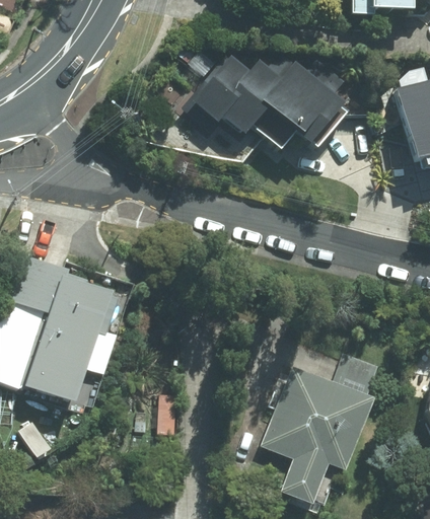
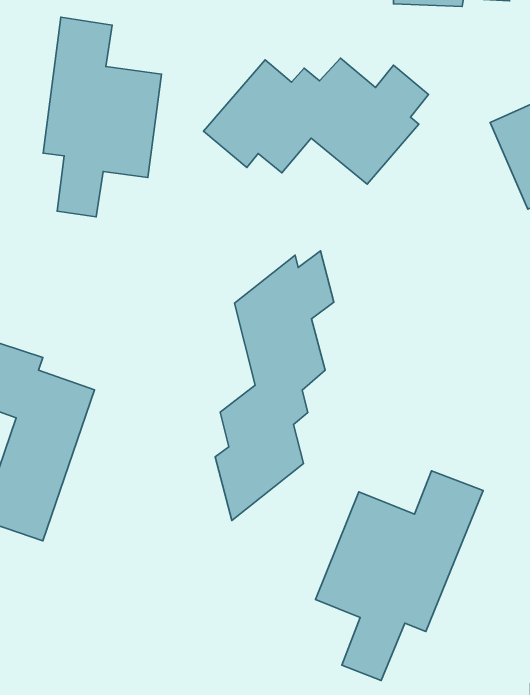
building: none -> [43,17,162,217]
building: none -> [215,251,334,521]

